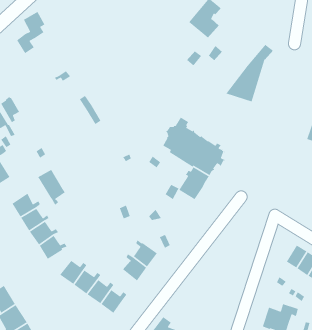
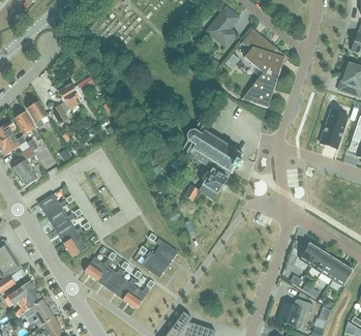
building: [16,11,46,54] -> [52,82,80,123]
building: none -> [241,28,280,71]
building: [37,169,66,206] -> none

